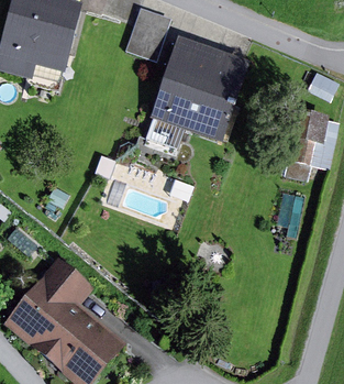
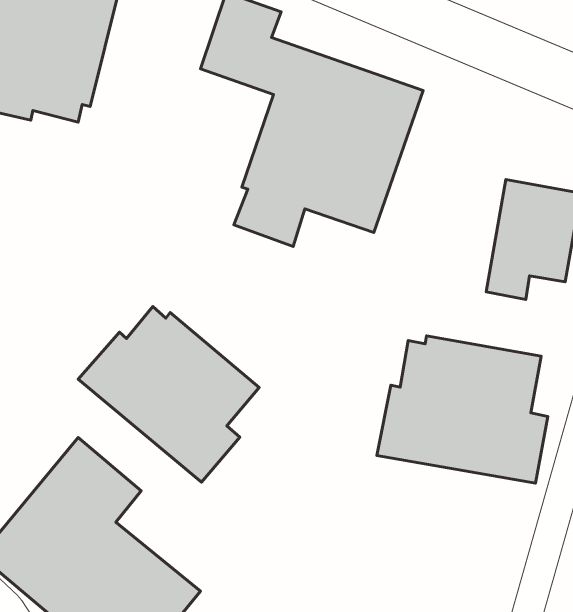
building: none -> [78,307,259,482]
building: none -> [377,336,548,483]

